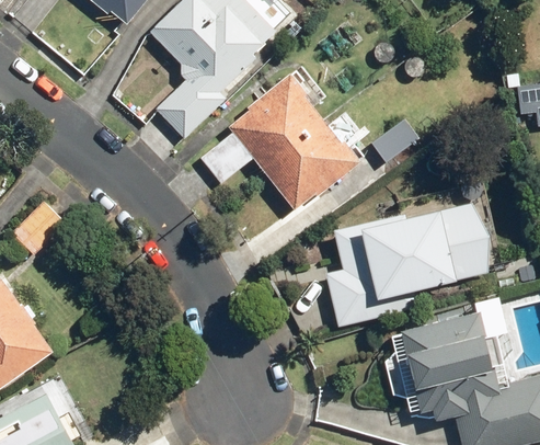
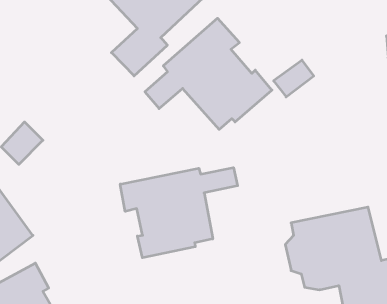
building: [325,198,495,327] -> none
building: none -> [120,168,238,258]

